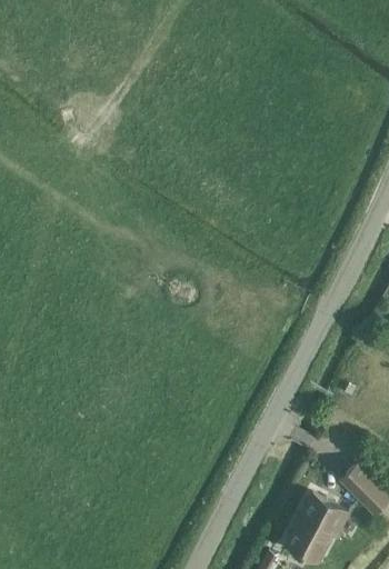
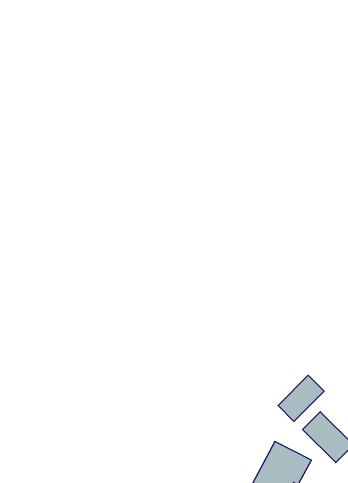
building: none -> [278,375,324,421]

